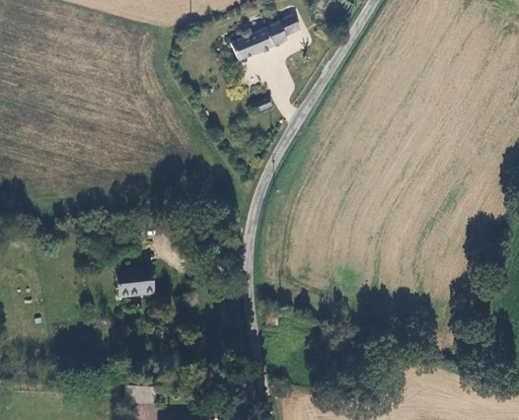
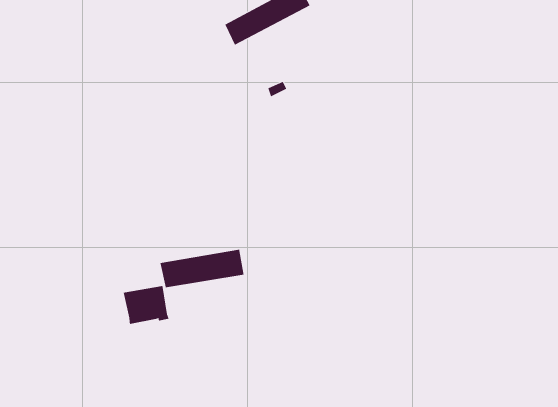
building: none -> [160,249,244,288]

